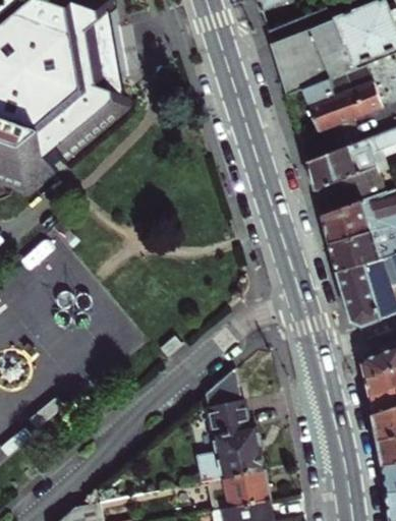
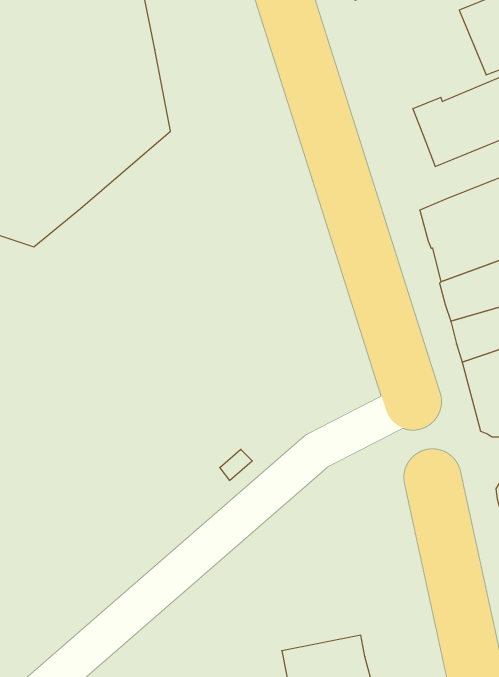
building: [272,19,356,96] -> none
building: [200,370,265,483] -> none

